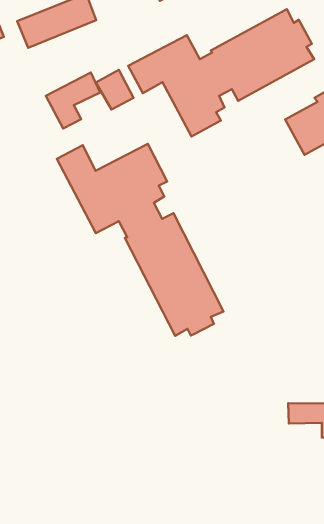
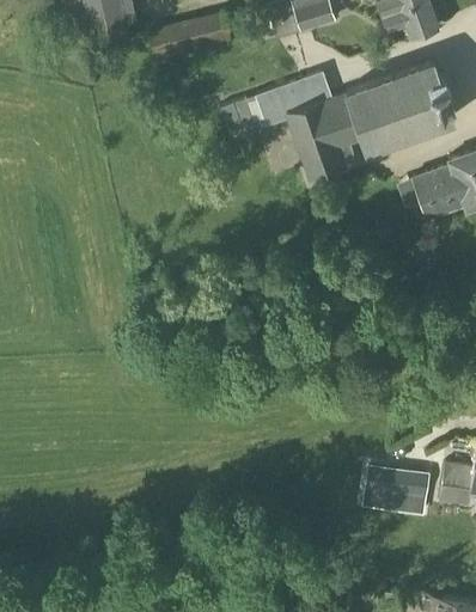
building: [46,73,100,128] -> none
building: [57,144,224,336] -> none

